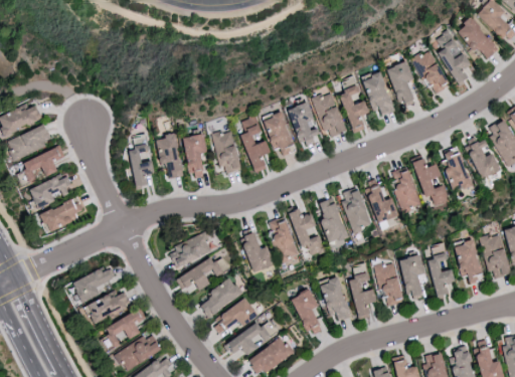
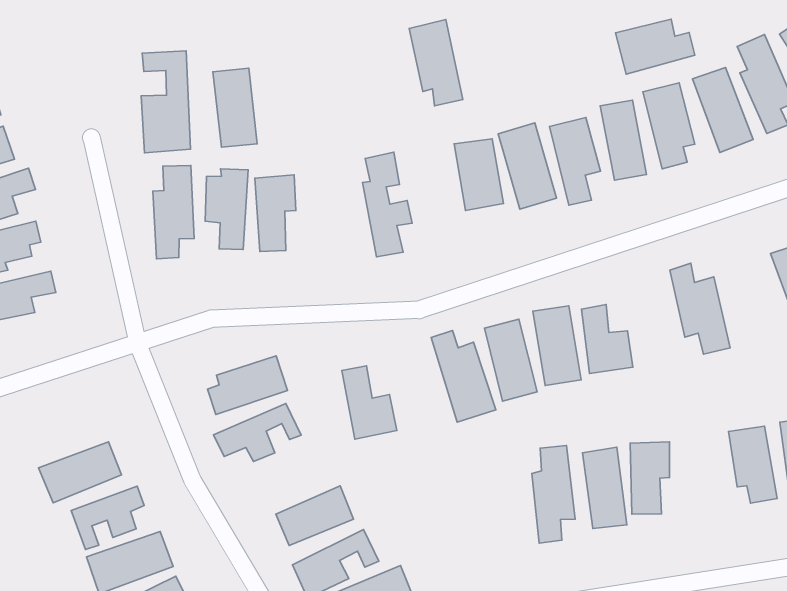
building: none -> [616,19,695,74]
building: none -> [141,51,190,153]
building: [263,111,296,158] -> [409,19,463,106]
building: [213,130,241,174] -> [213,68,257,147]
building: [442,148,472,192] -> none
building: [388,167,422,213] -> none
building: [268,218,300,262] -> none
building: [424,243,455,297] -> none
building: [72,268,116,303] -> none
building: [199,276,242,319] -> none
building: [319,277,353,322] -> none
building: [293,291,321,335] -> none

